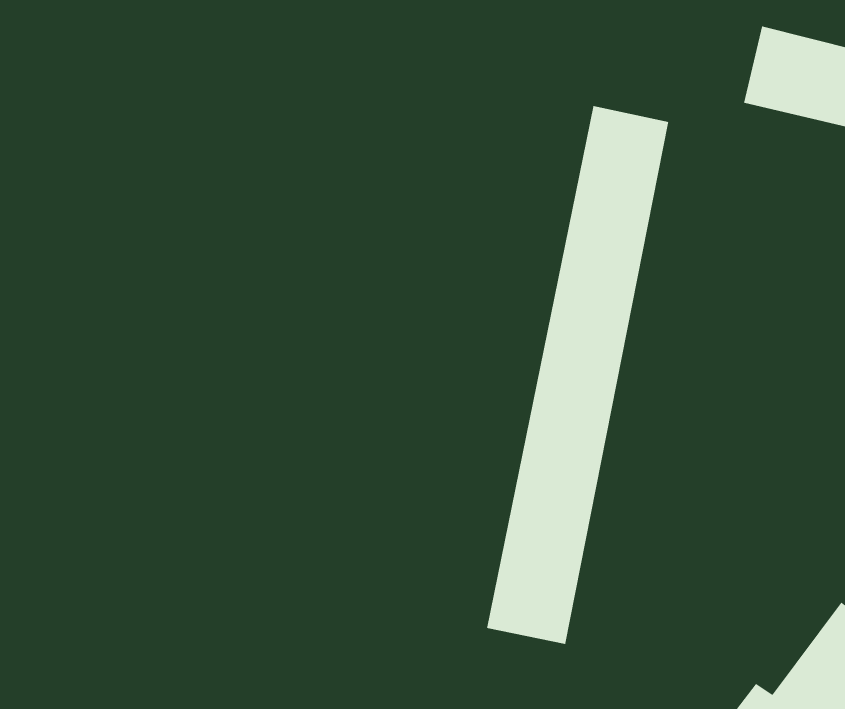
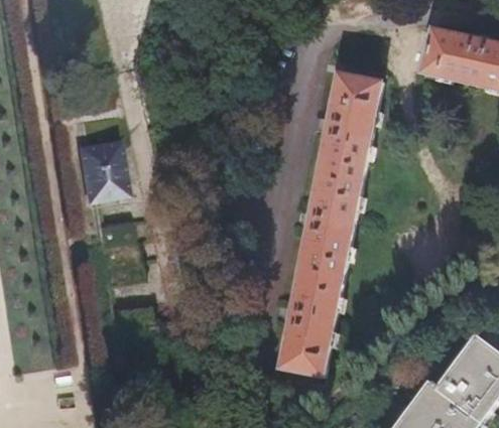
building: none -> [76,135,127,203]

